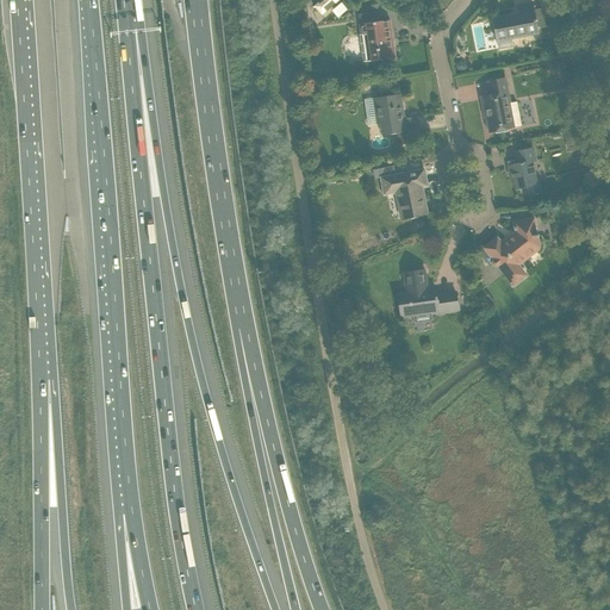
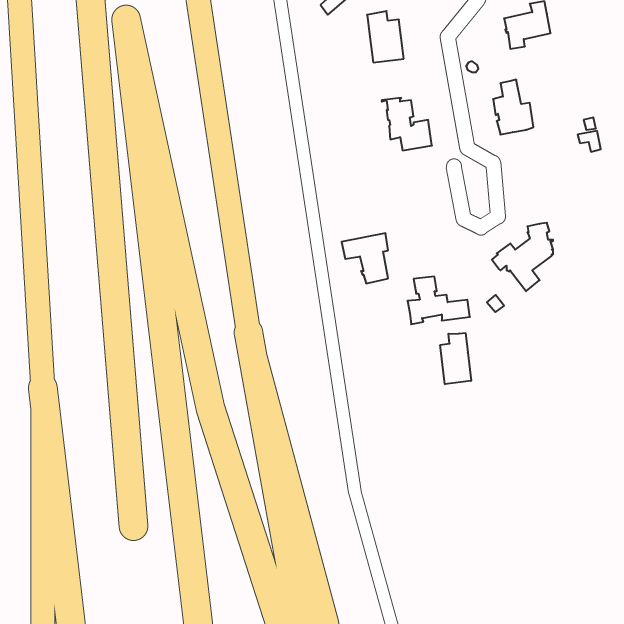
building: [508,147,541,194] -> none
building: [380,168,425,217] -> [342,233,388,283]
building: none -> [440,333,471,384]

